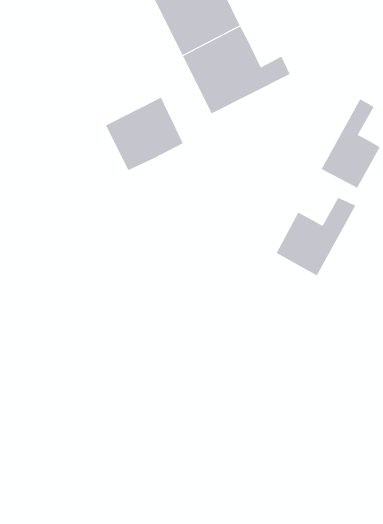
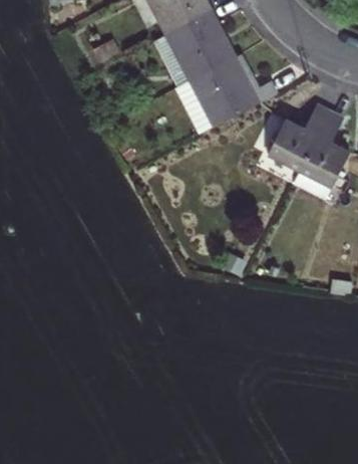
building: [105,97,183,171] -> none
building: [276,197,356,276] -> [265,105,331,171]

